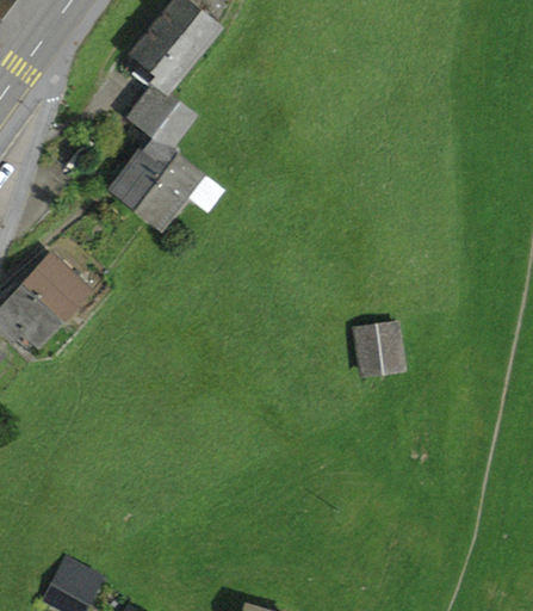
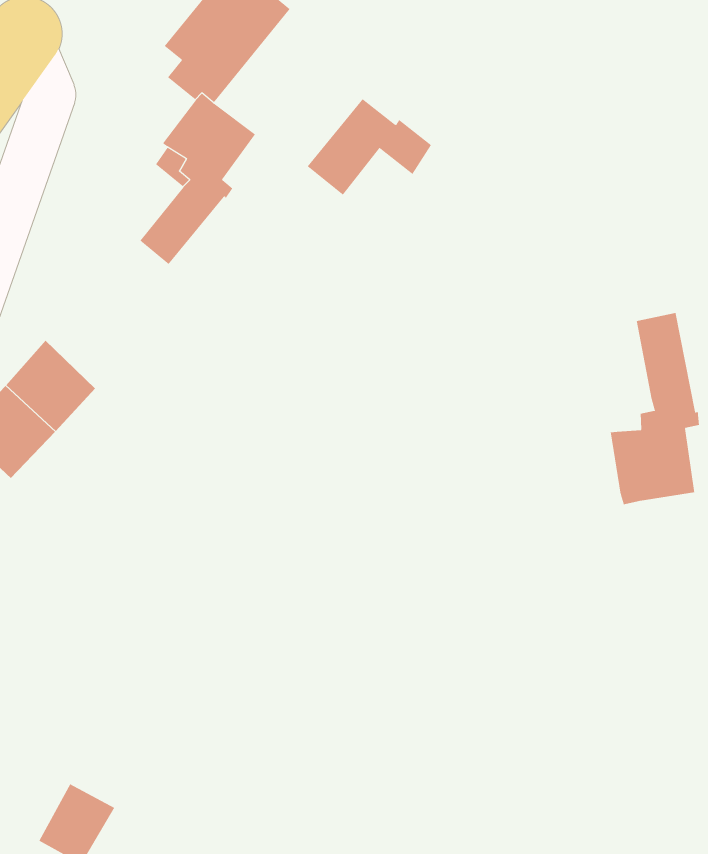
building: [135,156,221,223] -> [307,98,432,196]
building: none -> [610,312,700,505]
building: [355,322,401,371] -> none

